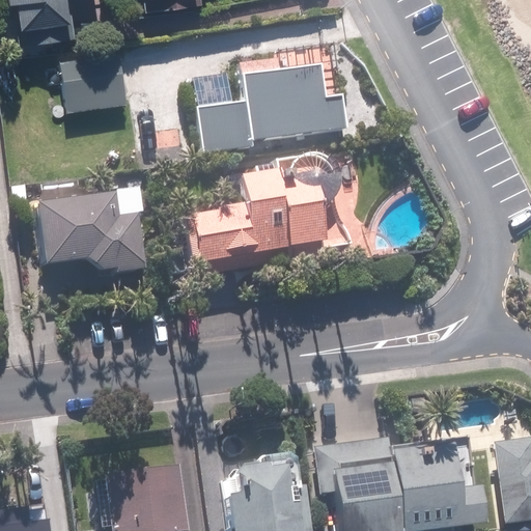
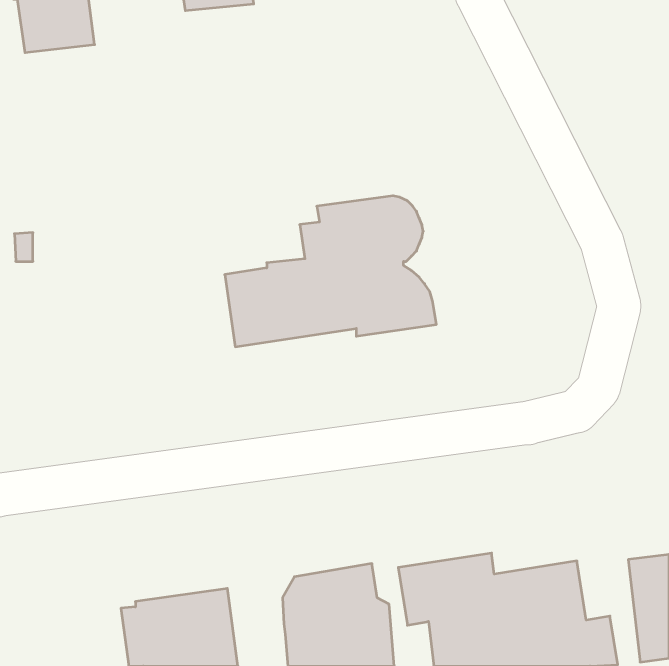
building: [59,49,125,108] -> none
building: [196,65,347,153] -> none
building: [40,189,146,274] -> none

